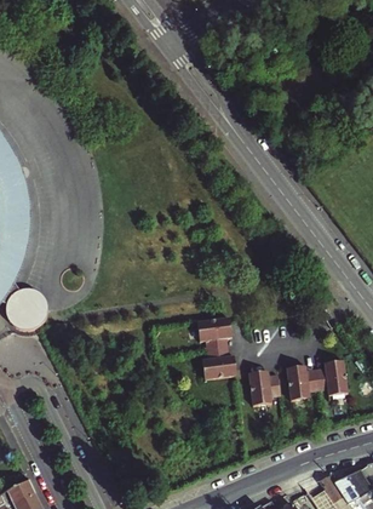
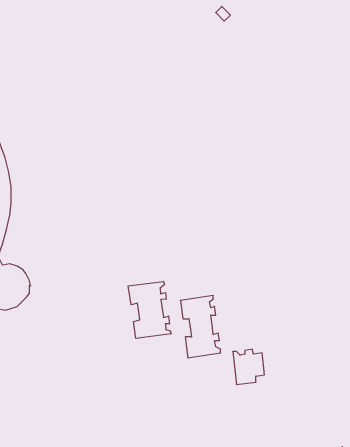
building: none -> [128,281,171,338]
building: [287,362,349,402] -> none

